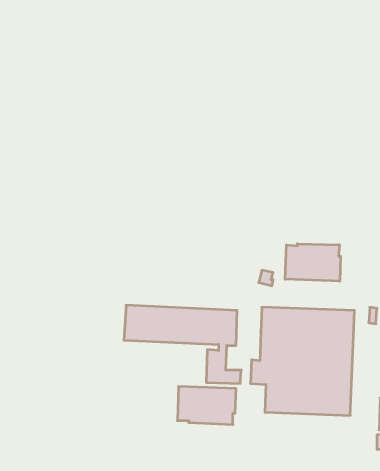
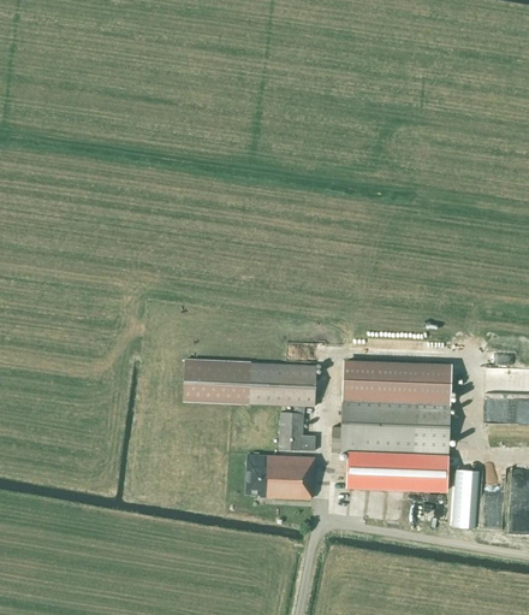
building: [285,244,341,281] -> none
building: none -> [454,466,476,525]

